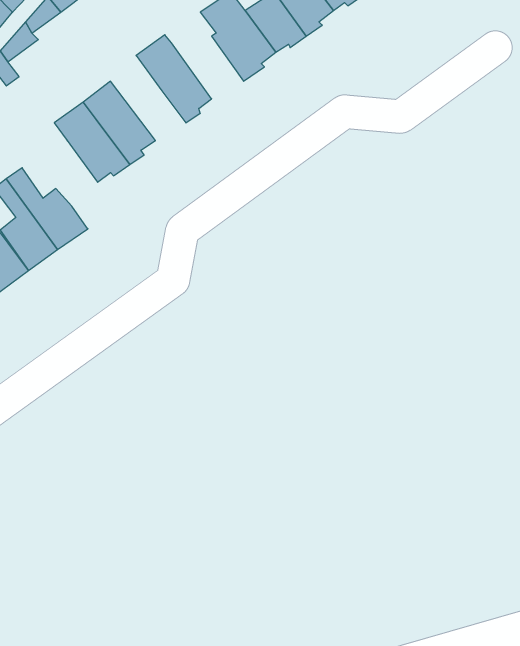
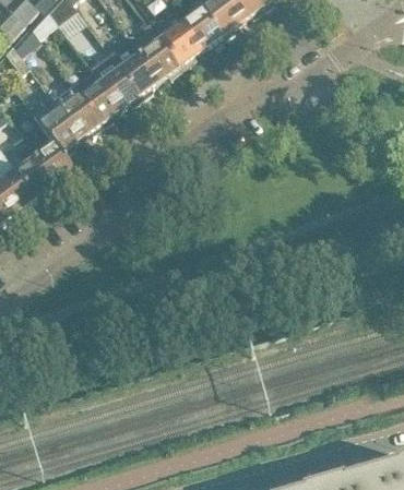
building: none -> [132,27,181,80]
building: none -> [88,50,142,108]
building: none -> [32,89,82,153]

